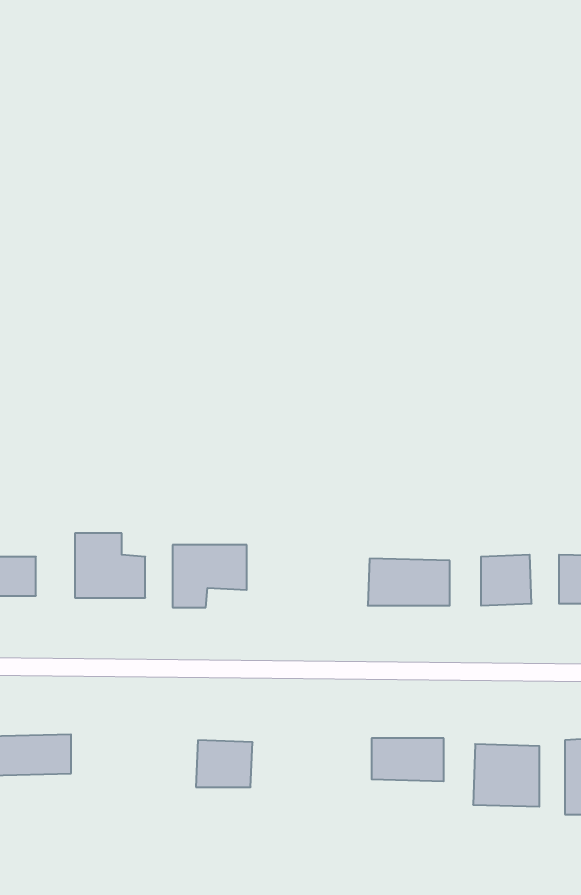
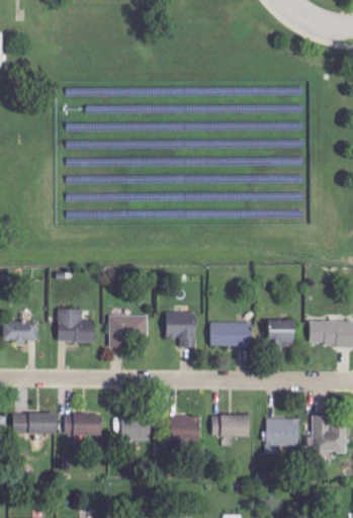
building: none -> [165,312,196,347]
building: none -> [64,414,101,435]
building: none -> [168,416,200,445]

